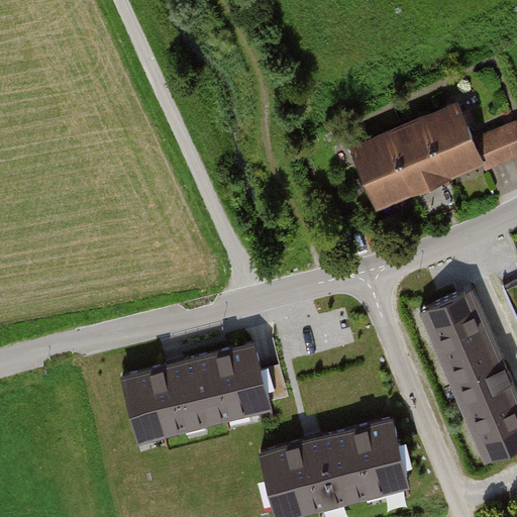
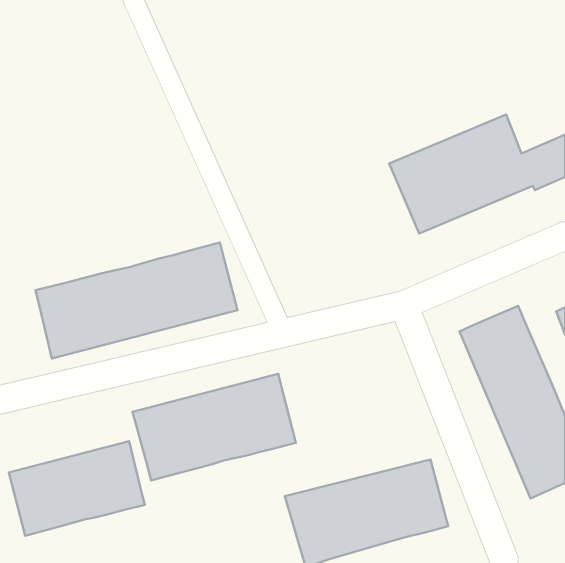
building: none -> [36,243,237,358]
building: none -> [9,441,145,536]

